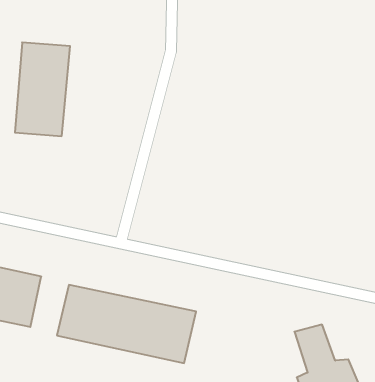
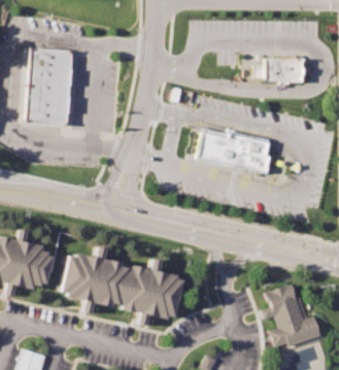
building: none -> [253,55,301,77]
building: none -> [192,128,266,168]

